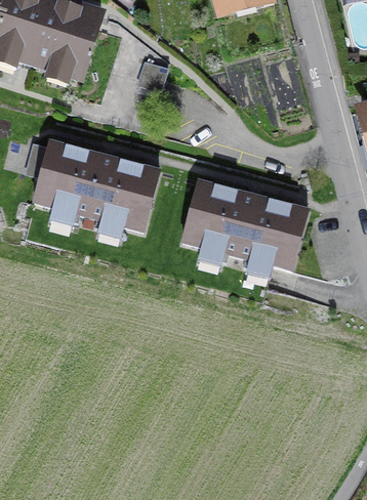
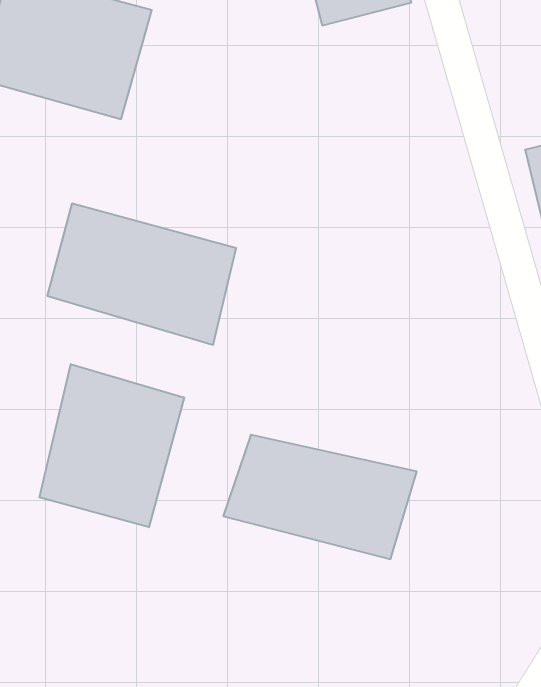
building: [181,185,311,268] -> [223,435,417,559]
building: none -> [40,364,184,527]

